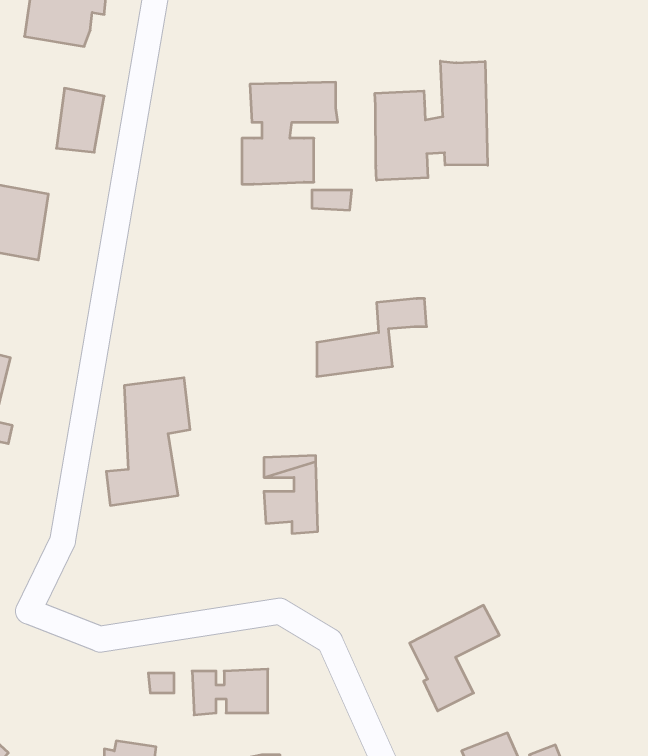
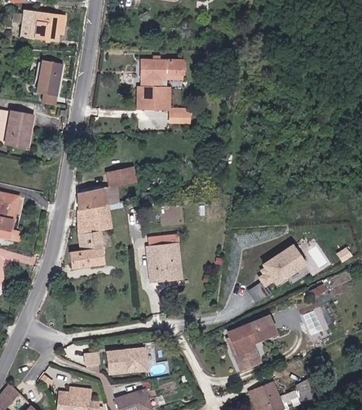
building: [375,61,488,180] -> none
building: [317,299,427,376] -> [77,170,132,209]
building: none -> [257,243,308,288]

